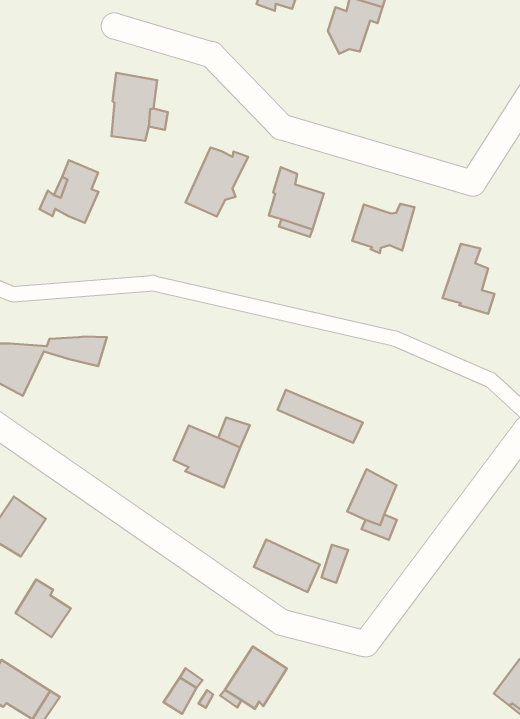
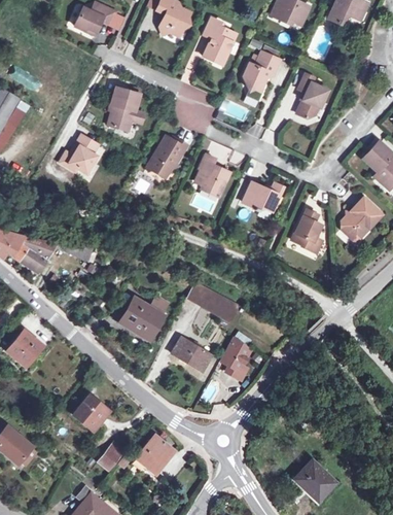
building: none -> [294,71,328,115]
building: [254,539,320,592] -> [173,338,212,372]
building: [16,580,71,637] -> [74,396,107,431]

